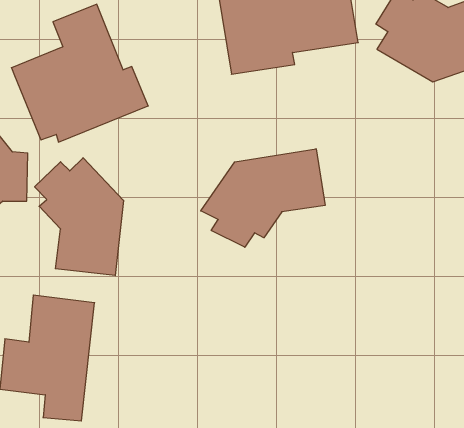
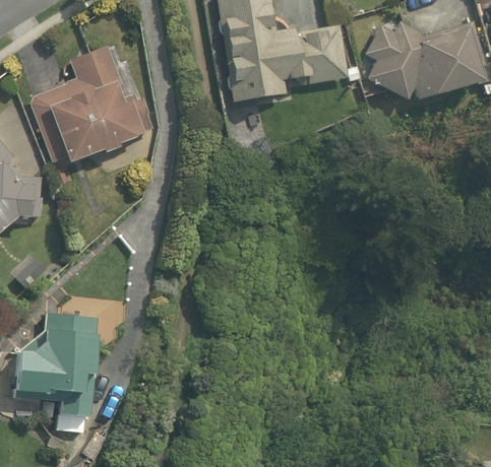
building: [201,149,325,247] -> none
building: [35,158,124,276] -> none

